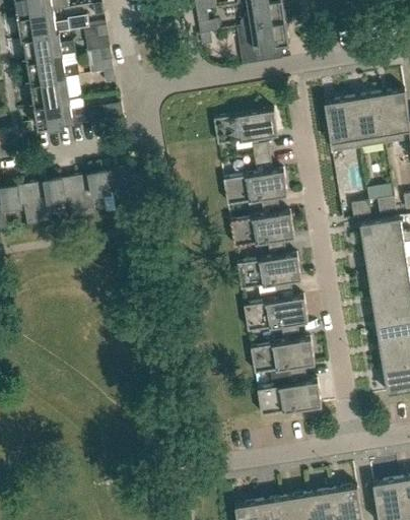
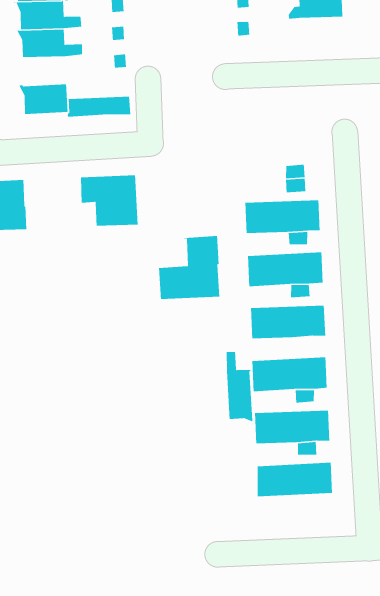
building: [251,18,290,49] -> none
building: [25,78,83,106] -> none
building: [214,109,278,144] -> none
building: [44,174,95,218] -> none
building: none -> [158,235,220,300]
building: none -> [226,351,254,425]

